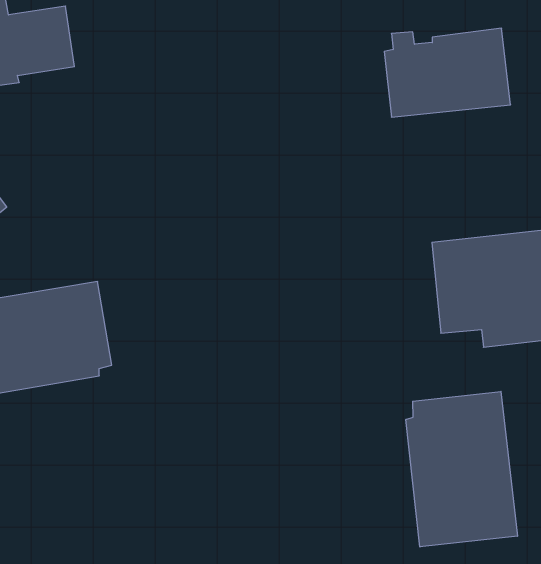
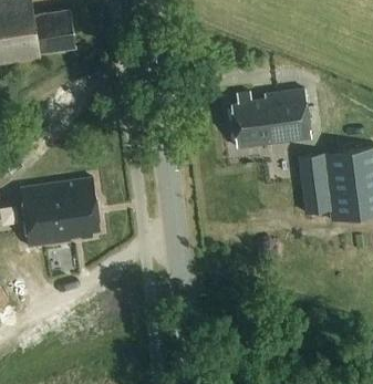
building: [384,28,511,117] -> [231,90,310,145]
building: [406,391,517,547] -> none

